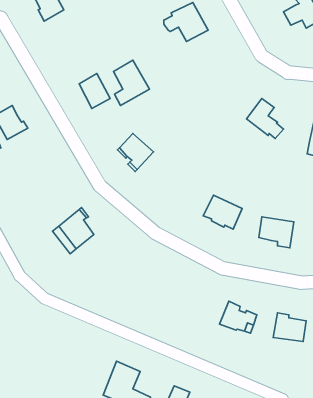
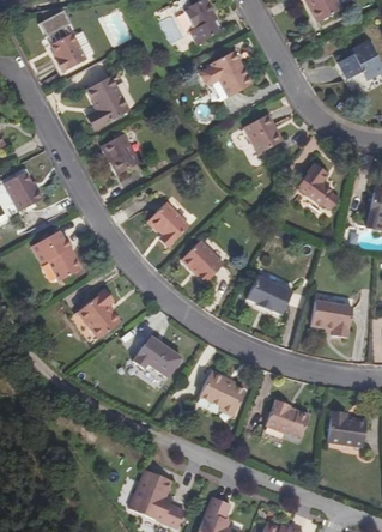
building: none -> [243,114,281,165]
building: [113,60,149,106] -> [86,75,128,128]
building: none -> [31,230,79,279]
building: none -> [181,241,222,282]
building: none -> [131,334,180,388]
building: none -> [199,371,243,415]

